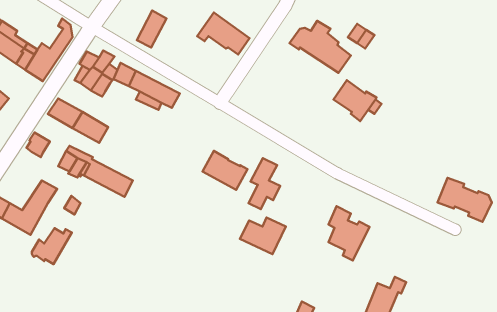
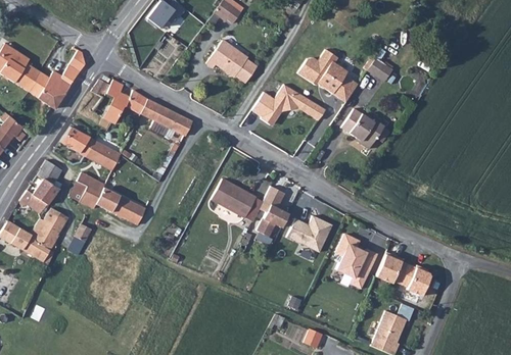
building: none -> [263,84,328,123]
building: [437,178,492,222] -> [378,252,432,296]
building: [240,217,286,254] -> [288,215,334,252]
building: [32,228,72,264] -> [19,180,59,215]

